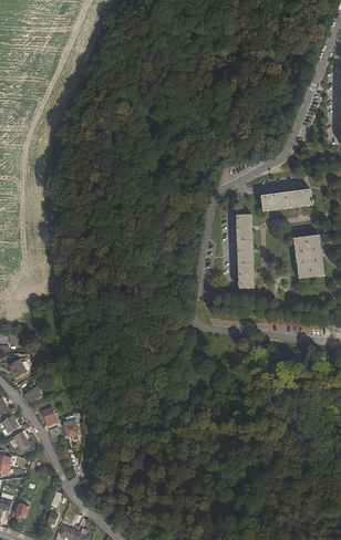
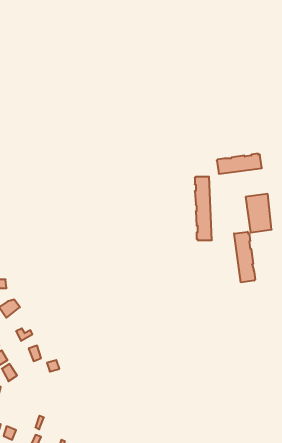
building: none -> [234,232,255,282]

